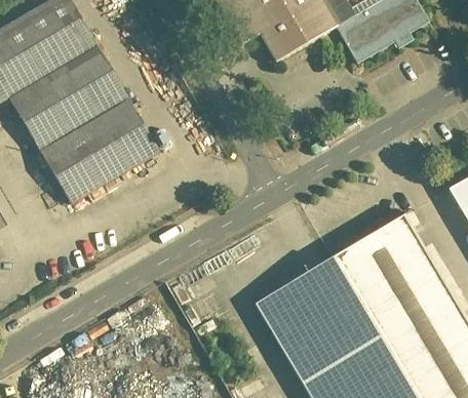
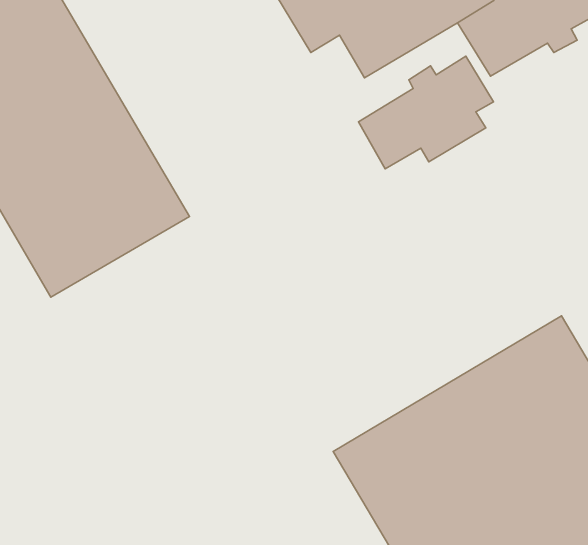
building: none -> [358,56,493,169]

